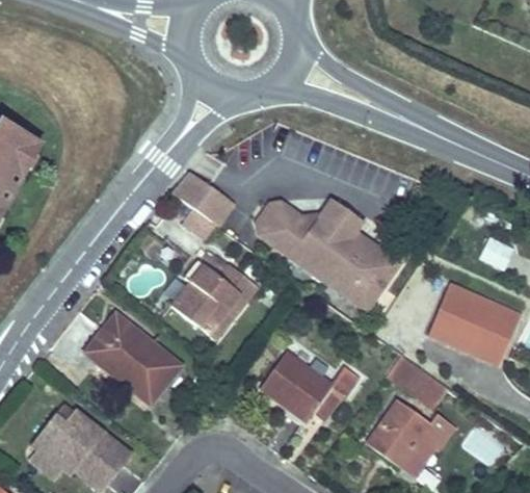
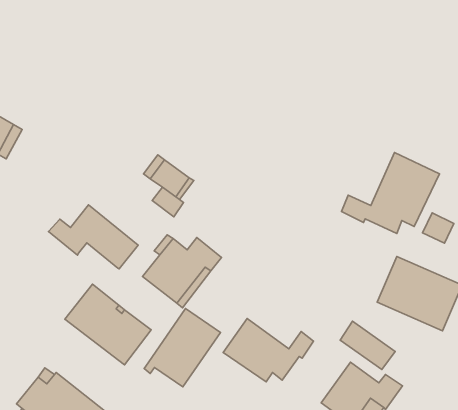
building: none -> [341,153,439,233]
building: [250,194,394,306] -> none
building: none -> [48,205,138,269]
building: none -> [144,309,220,387]

